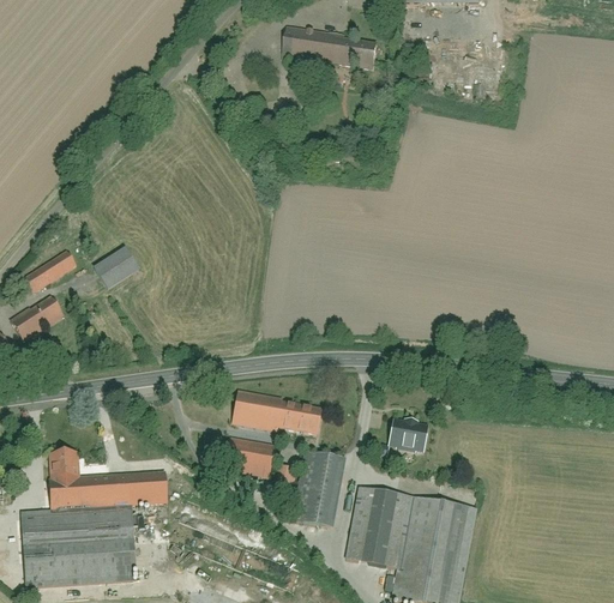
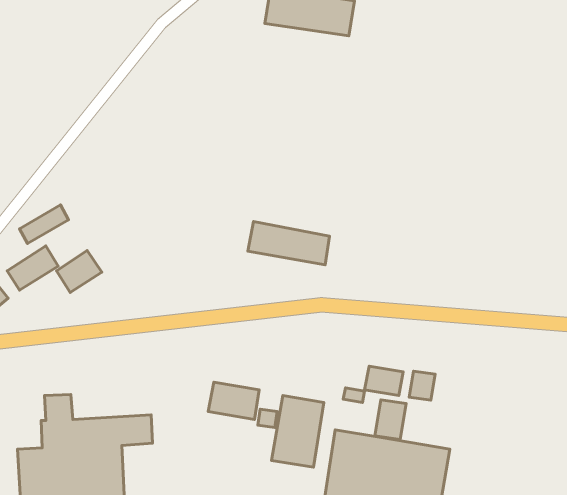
building: [94,243,142,288] -> [57,251,102,293]
building: [233,390,319,435] -> [248,222,330,265]
building: none -> [409,371,435,400]
building: none -> [375,400,406,439]

